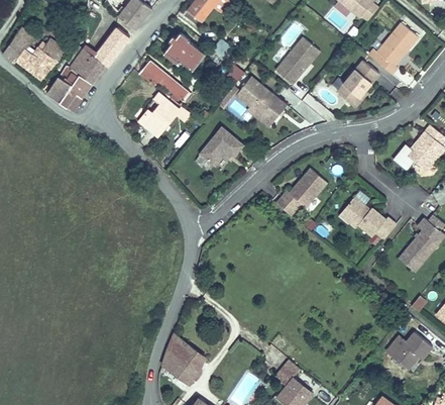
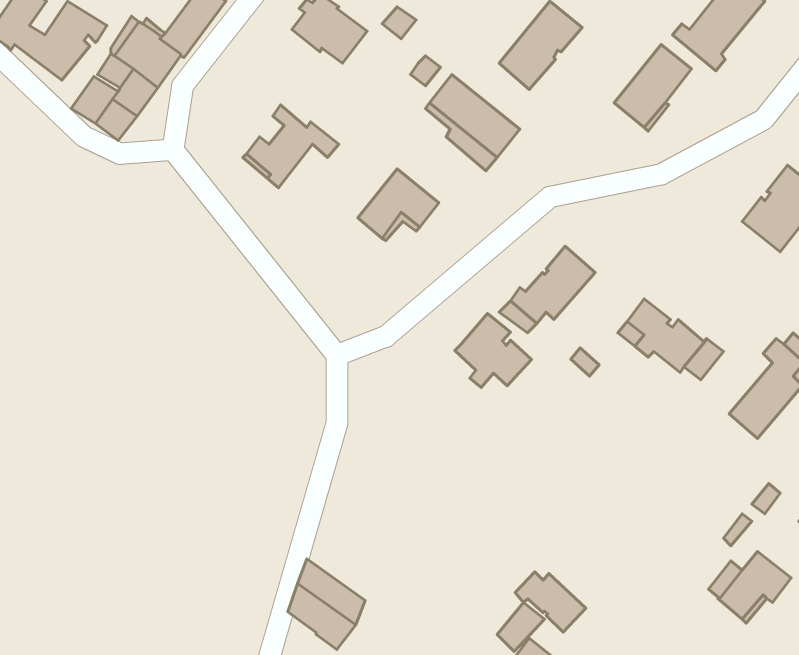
building: [138,60,191,101] -> none
building: none -> [455,313,531,387]
building: none -> [515,572,586,632]

